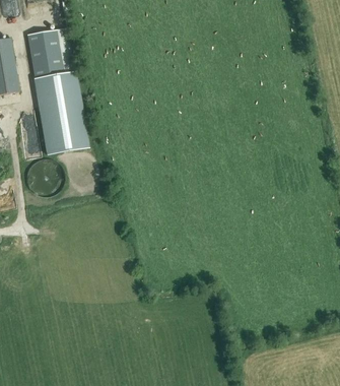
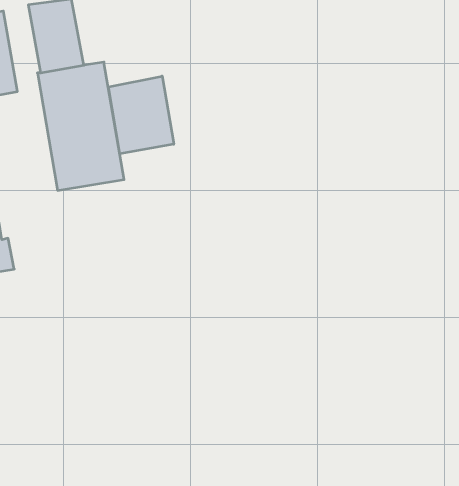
building: none -> [109,76,174,154]

